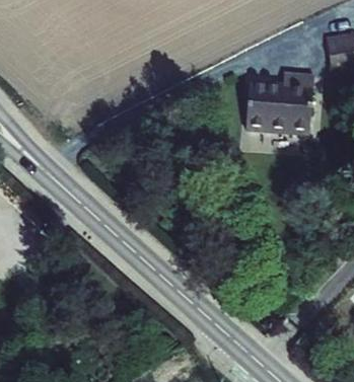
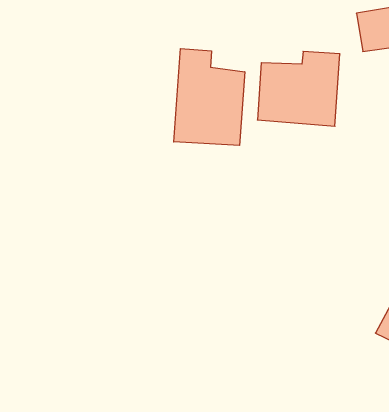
building: none -> [174,49,245,145]

